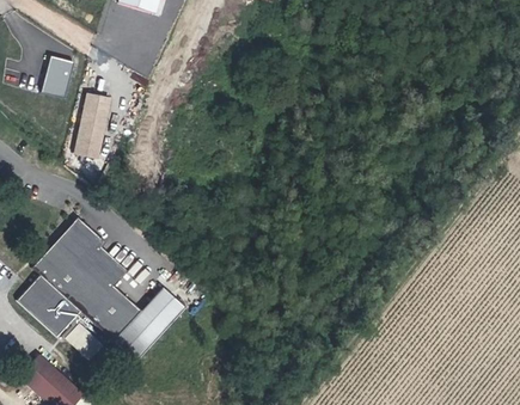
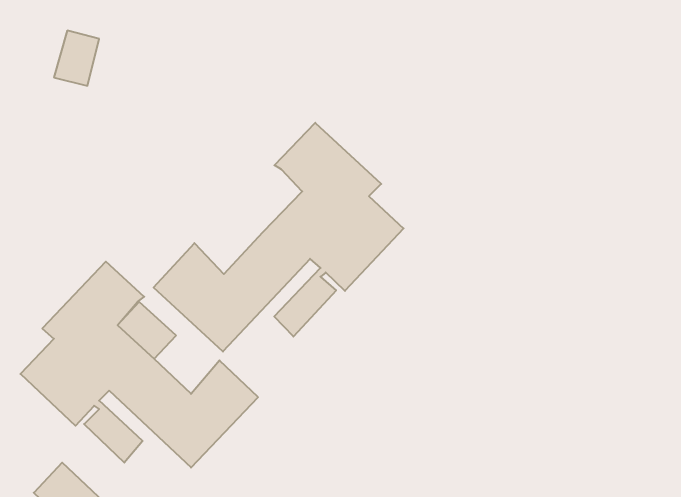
building: [73,87,111,152] -> none
building: none -> [154,123,404,352]

